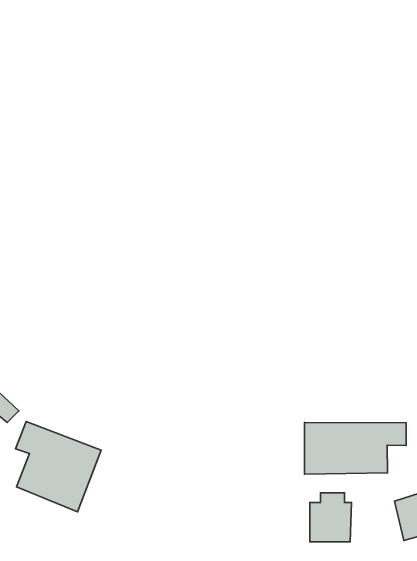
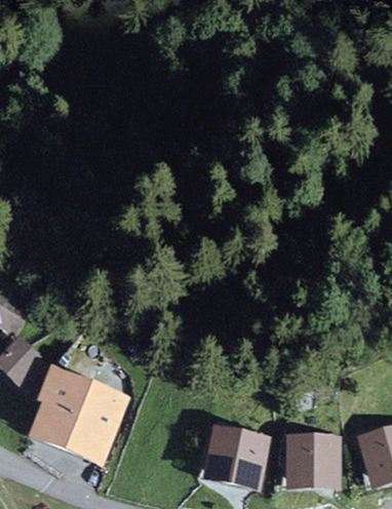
building: [304,423,406,474] -> none
building: none -> [213,428,261,480]

